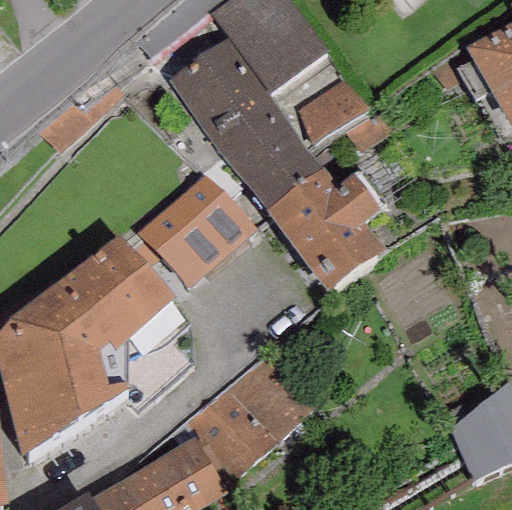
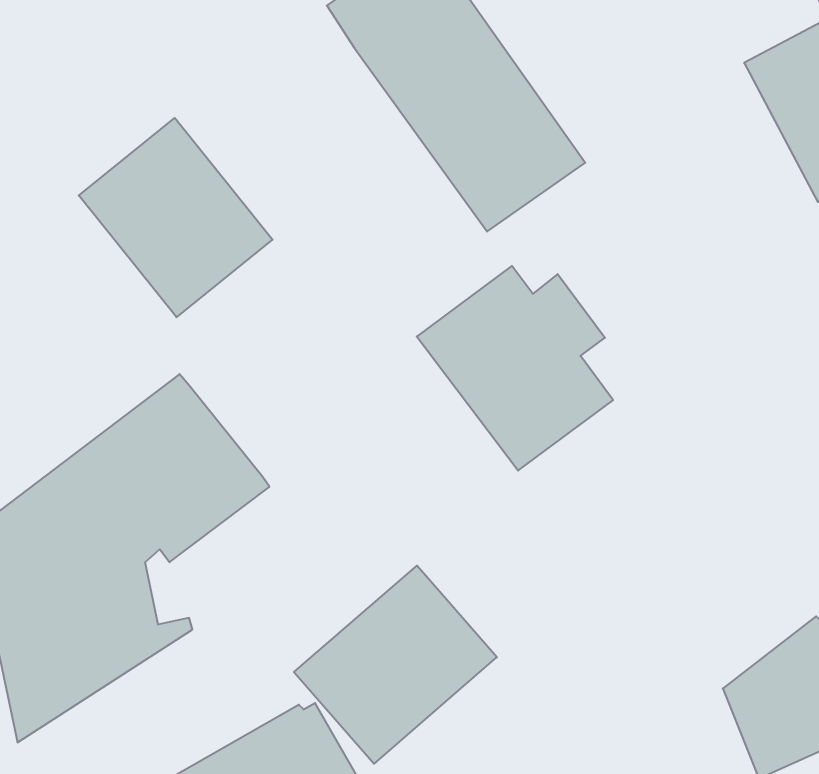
building: [168,36,323,212] -> none
building: none -> [79,118,273,317]
building: [126,175,254,298] -> none

